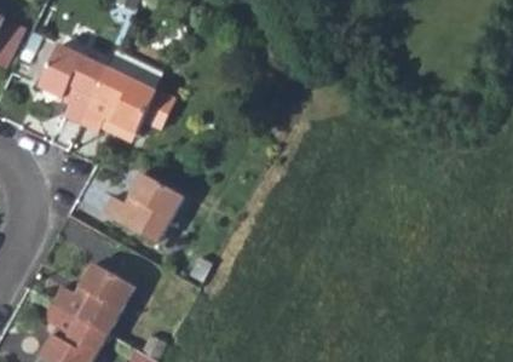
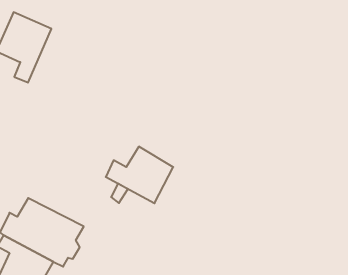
building: [80,51,172,122] -> none
building: [100,173,184,243] -> [106,147,173,203]

